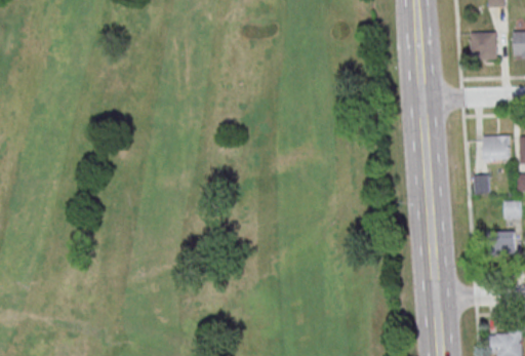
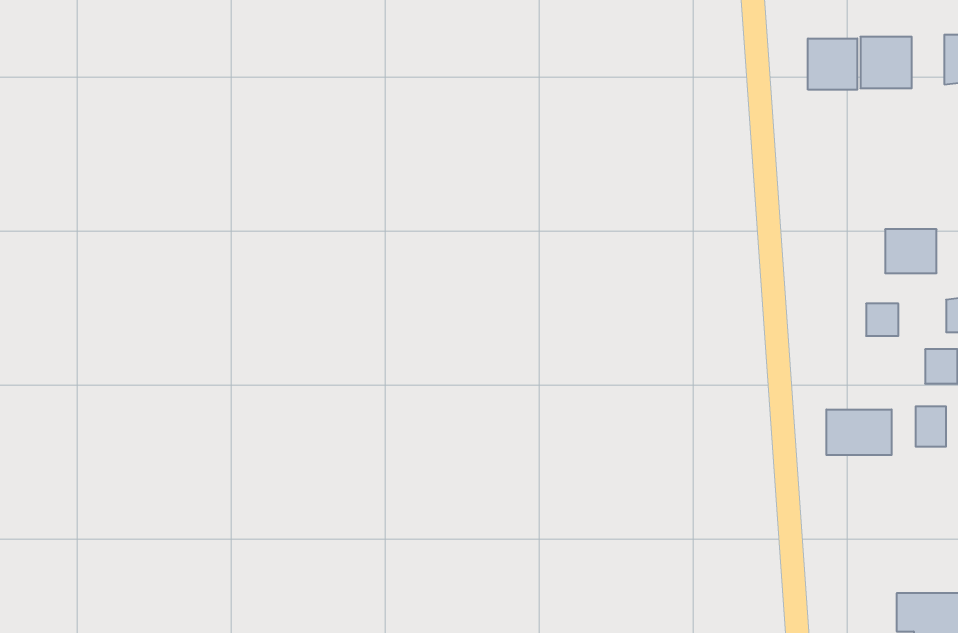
building: none -> [808,38,857,90]
building: none -> [826,409,892,455]

